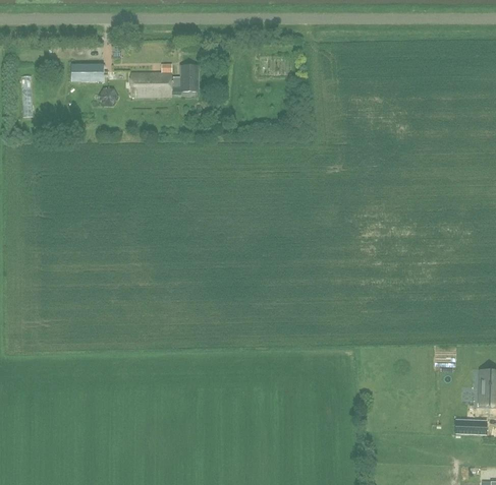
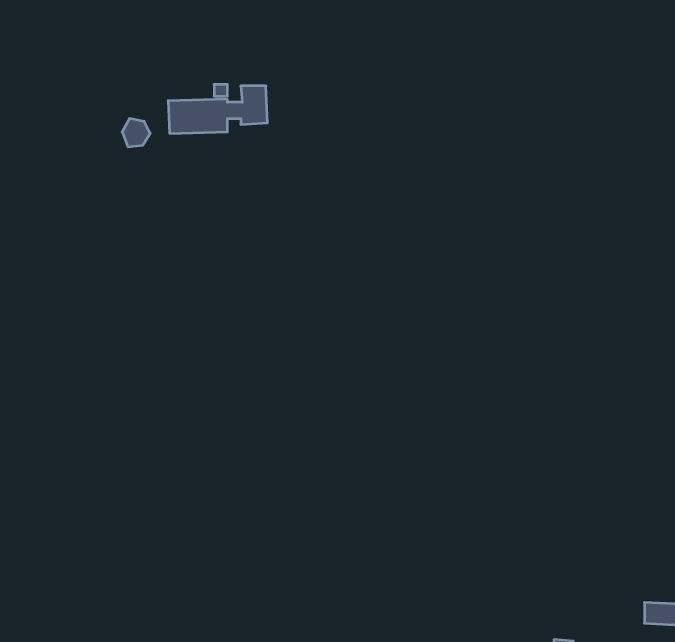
building: [71,63,104,80] -> none

